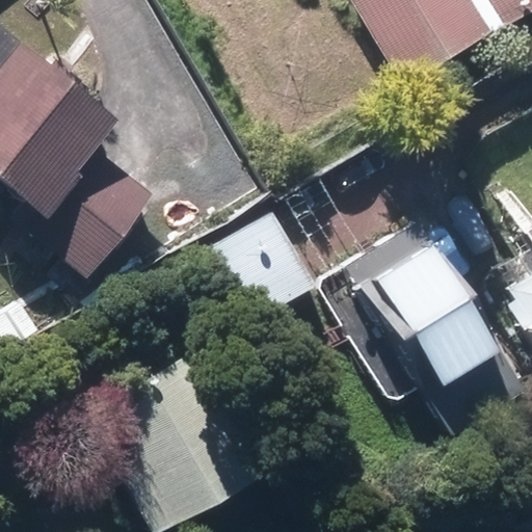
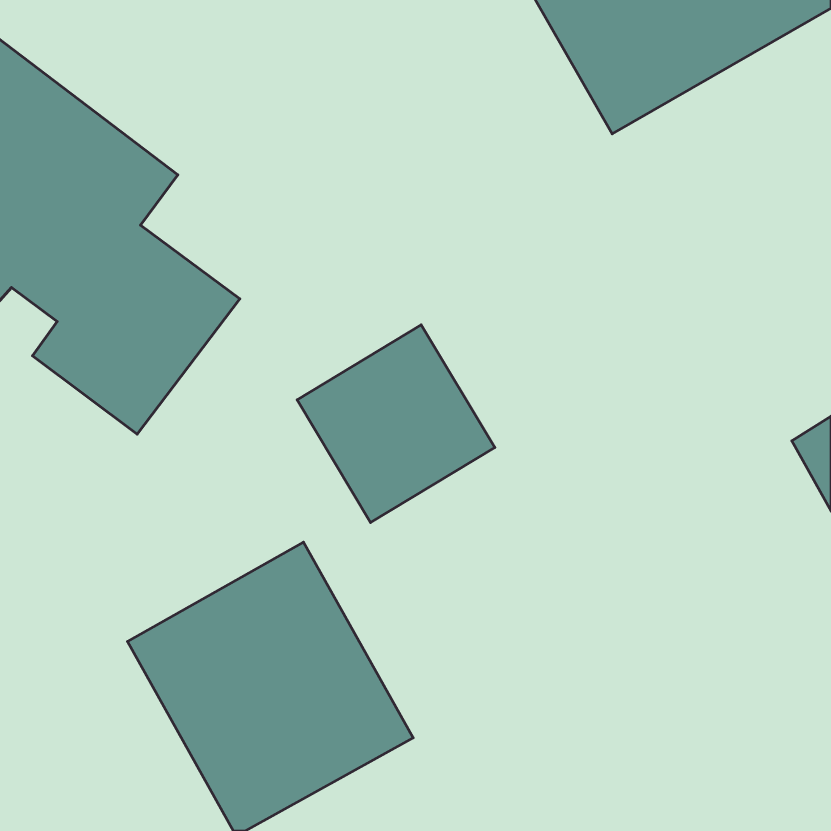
building: [351,233,525,431] -> none

